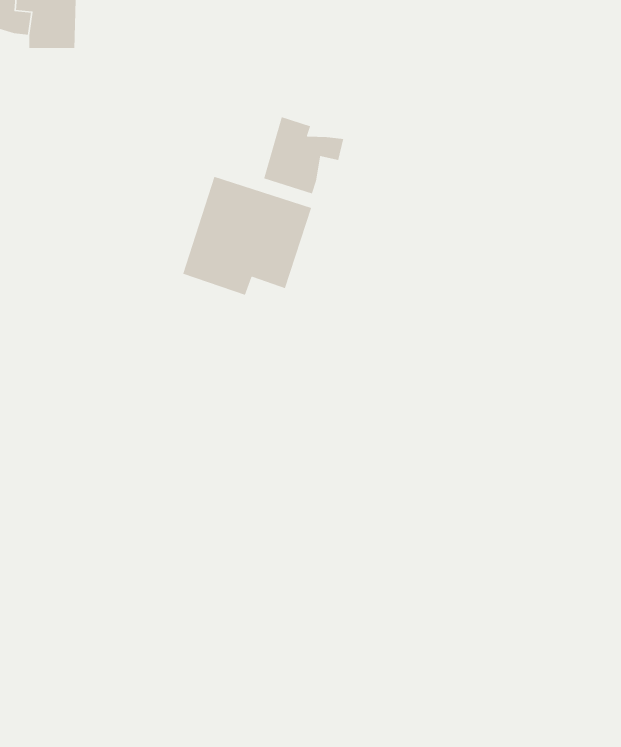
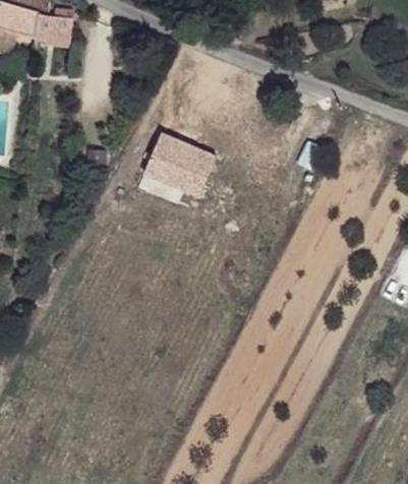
building: [263,116,344,195] -> none

